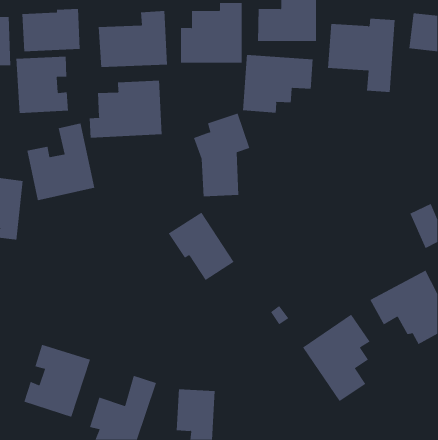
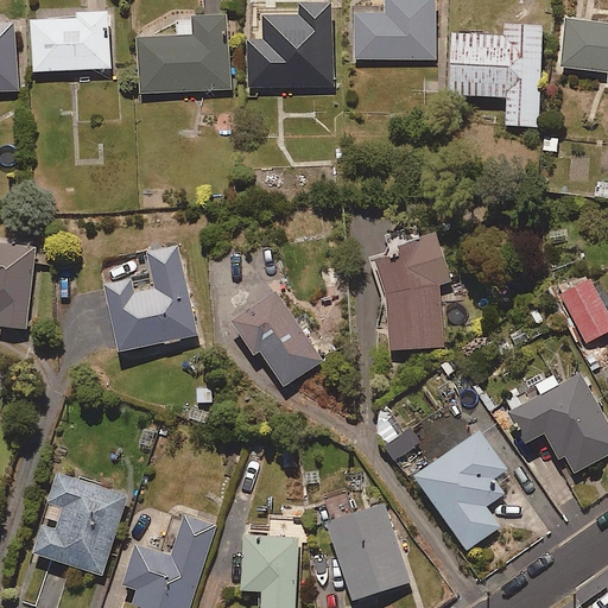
building: [242,54,313,113] -> none
building: [16,56,68,114] -> none
building: [89,80,162,138] -> none
building: [193,113,250,197] -> [378,230,456,346]
building: [27,123,95,201] -> [103,246,197,353]
building: none -> [327,505,408,600]

